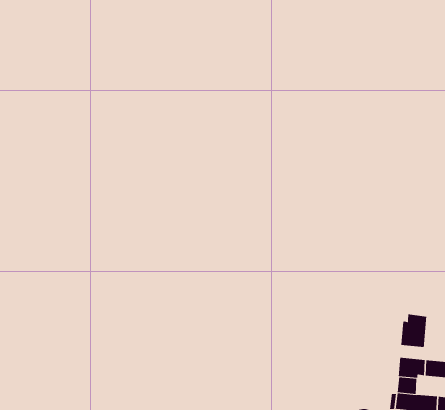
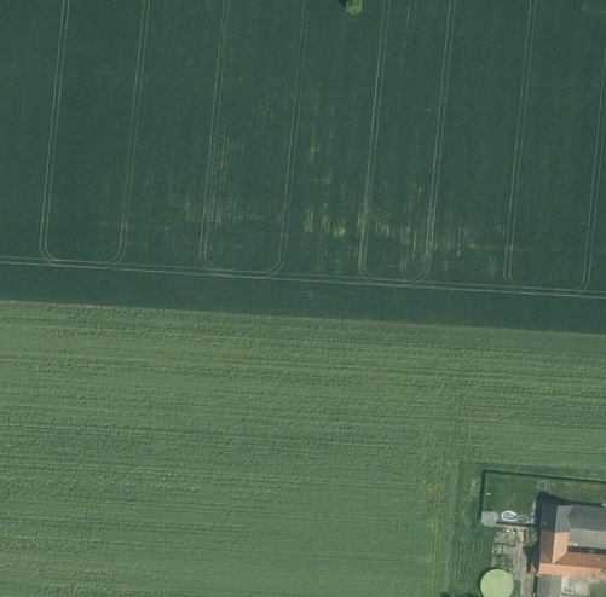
building: [401,314,427,348] -> none

